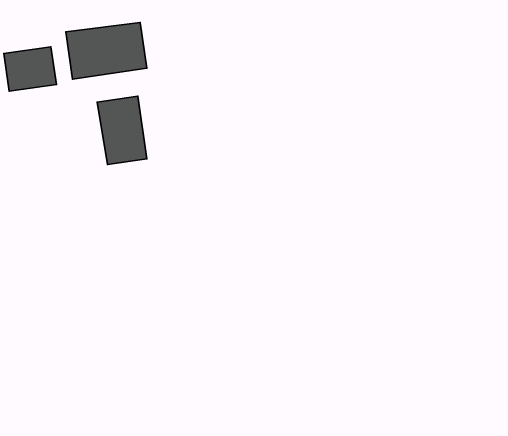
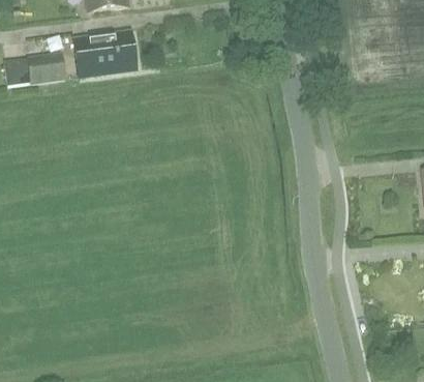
building: [97,96,147,165] -> none

